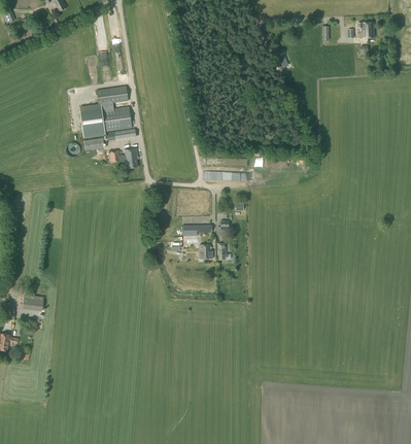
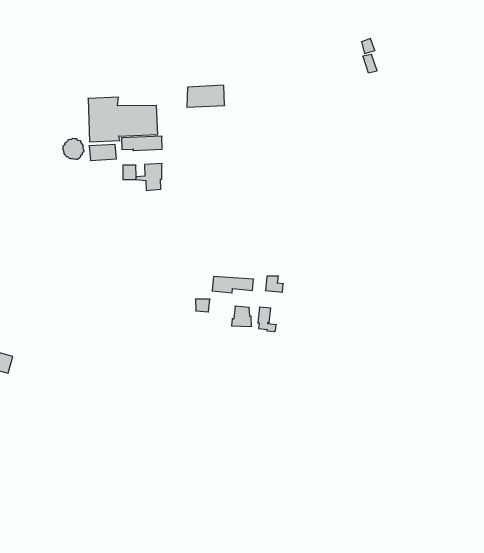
building: [99,86,127,104] -> [187,85,225,107]

